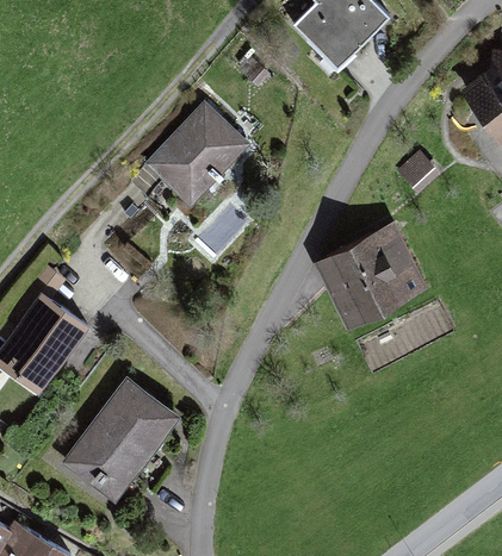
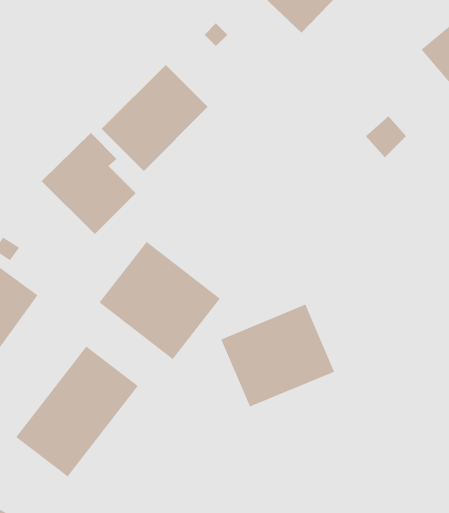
building: none -> [41,132,136,235]
building: [312,225,424,326] -> [220,304,335,408]
building: none -> [99,241,221,360]

